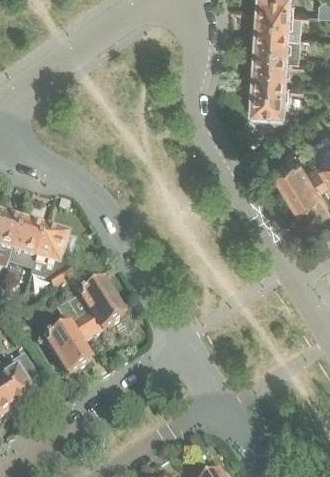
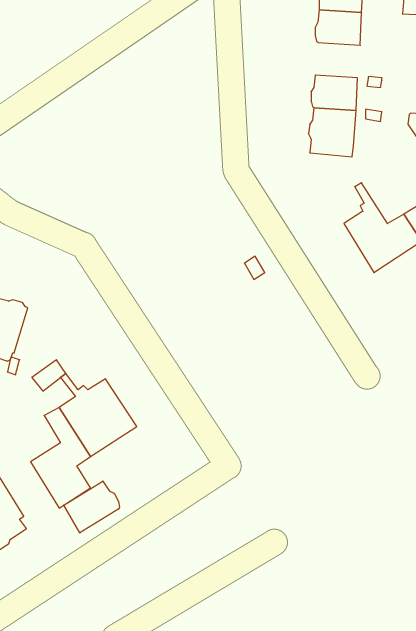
building: [253,33,288,59] -> none
building: [34,228,75,269] -> none
building: none -> [64,481,120,533]

